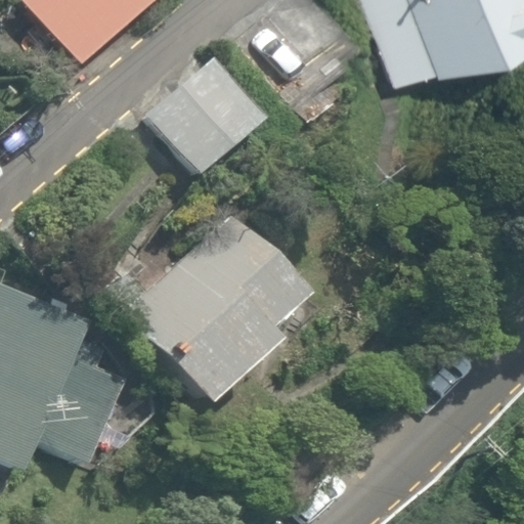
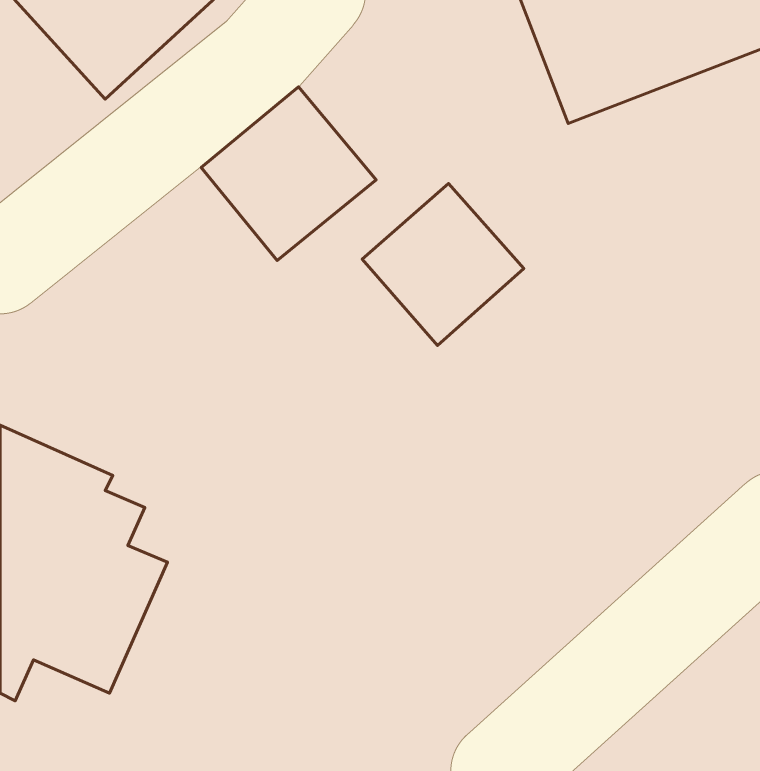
building: none -> [362,183,524,346]
building: [106,215,302,405] -> none

